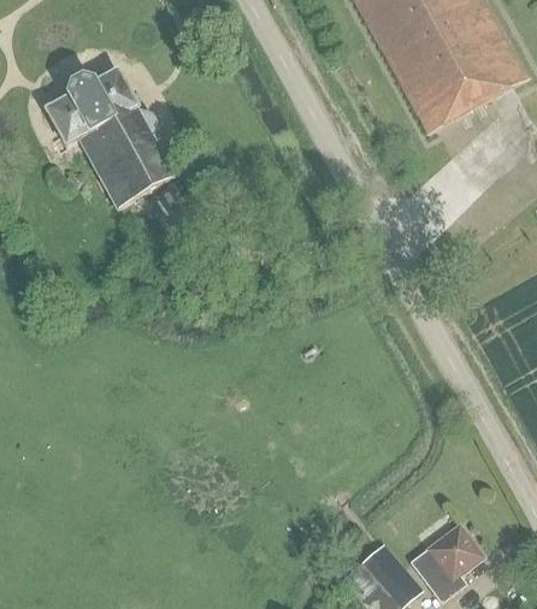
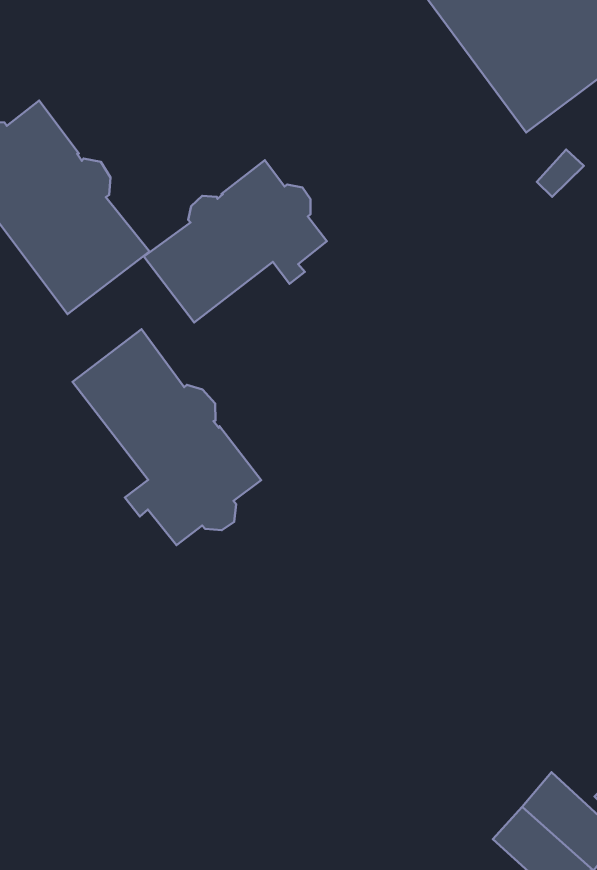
building: none -> [144,160,327,323]
building: none -> [72,329,261,545]

